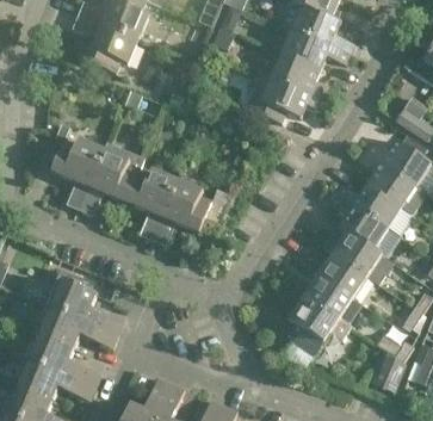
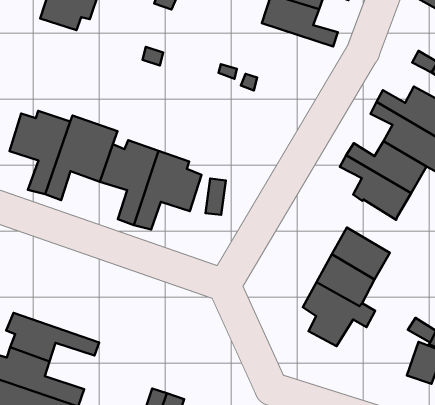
building: [247,73,330,122] -> none
building: [323,227,394,284] -> none
building: [47,267,123,336] -> none

